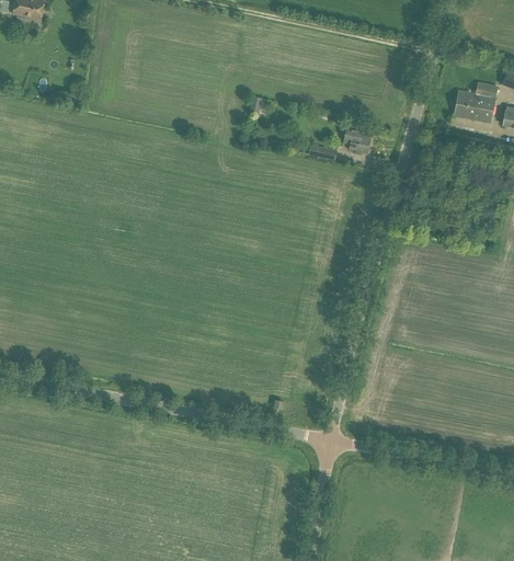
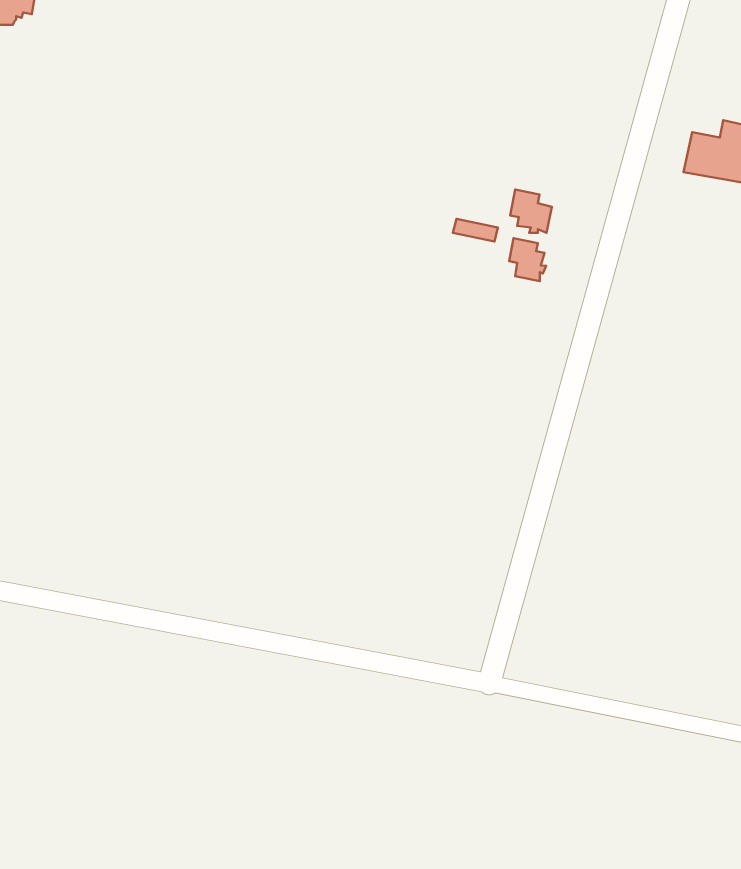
building: none -> [509,238,546,281]

